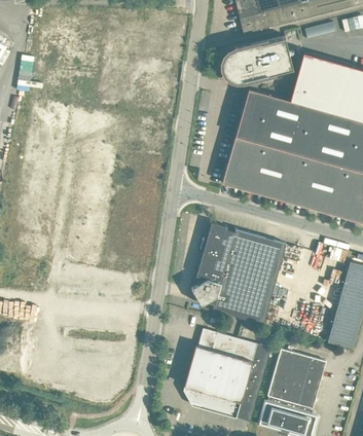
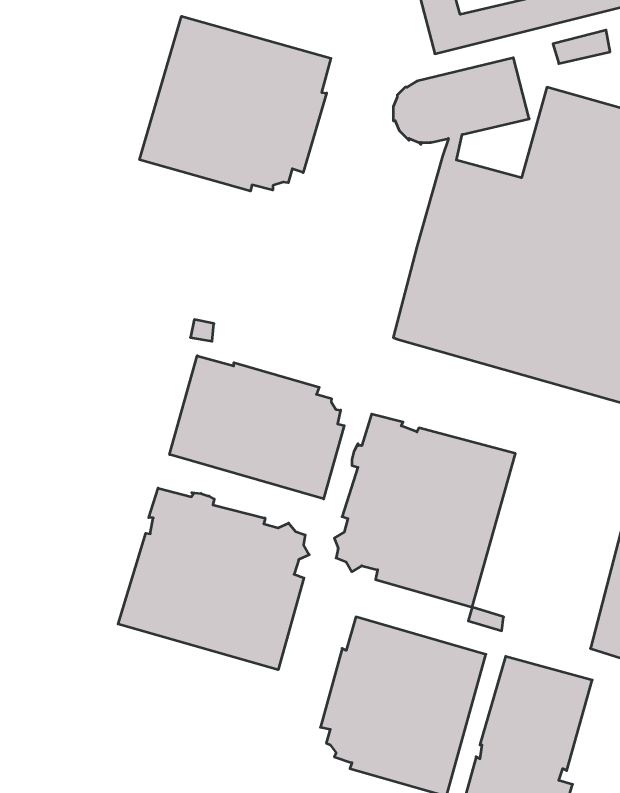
building: none -> [140,16,331,191]
building: none -> [170,356,344,499]
building: none -> [118,488,309,670]

